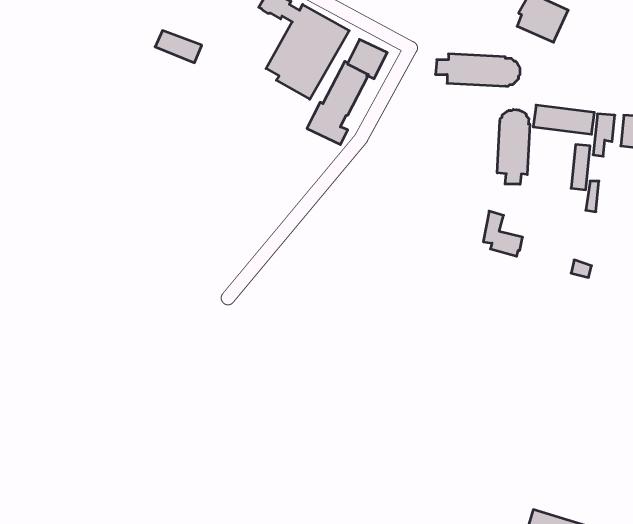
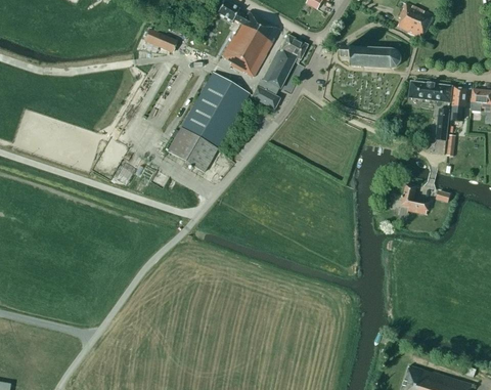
building: none -> [168,72,250,171]
building: [497,109,530,184] -> none
building: [483,211,523,256] -> [402,183,430,215]

